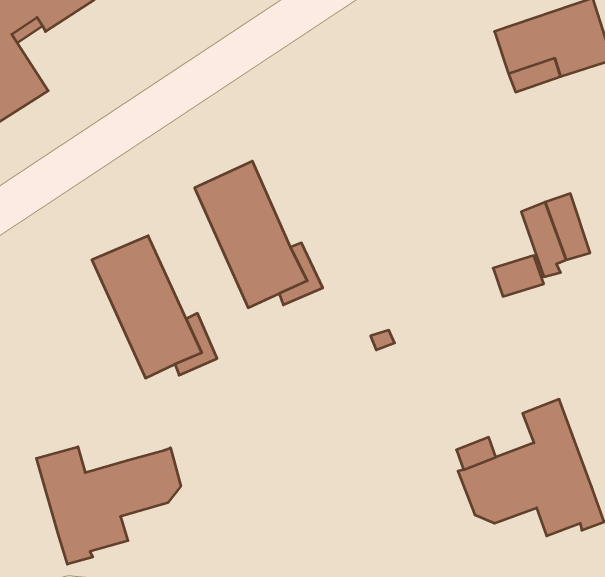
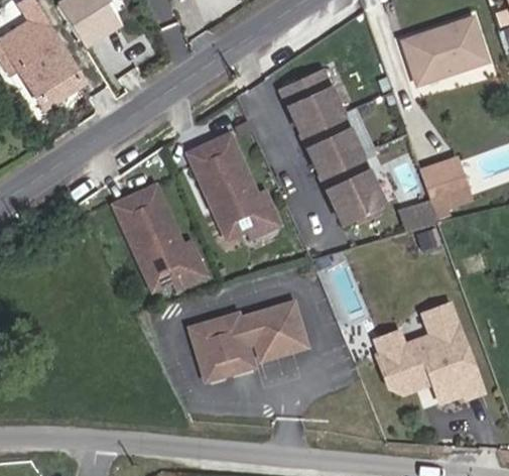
building: none -> [280,70,384,223]
building: none -> [189,303,305,379]
building: [36,447,181,564] -> none

